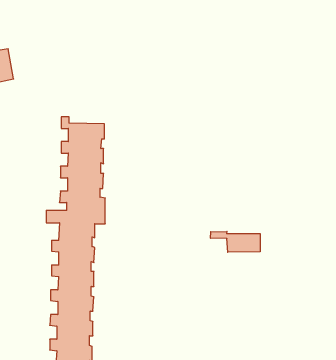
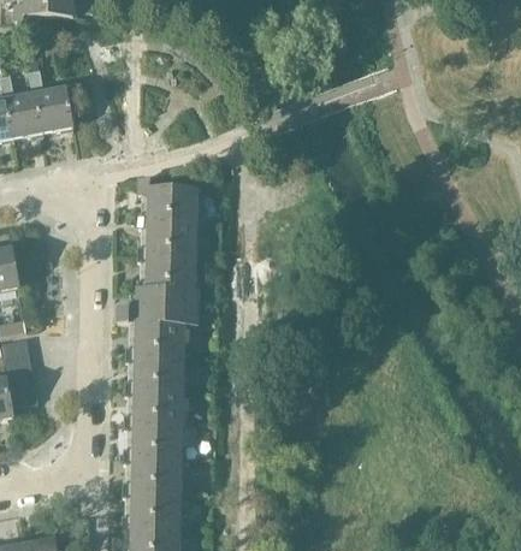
building: [211,231,260,252] -> none

